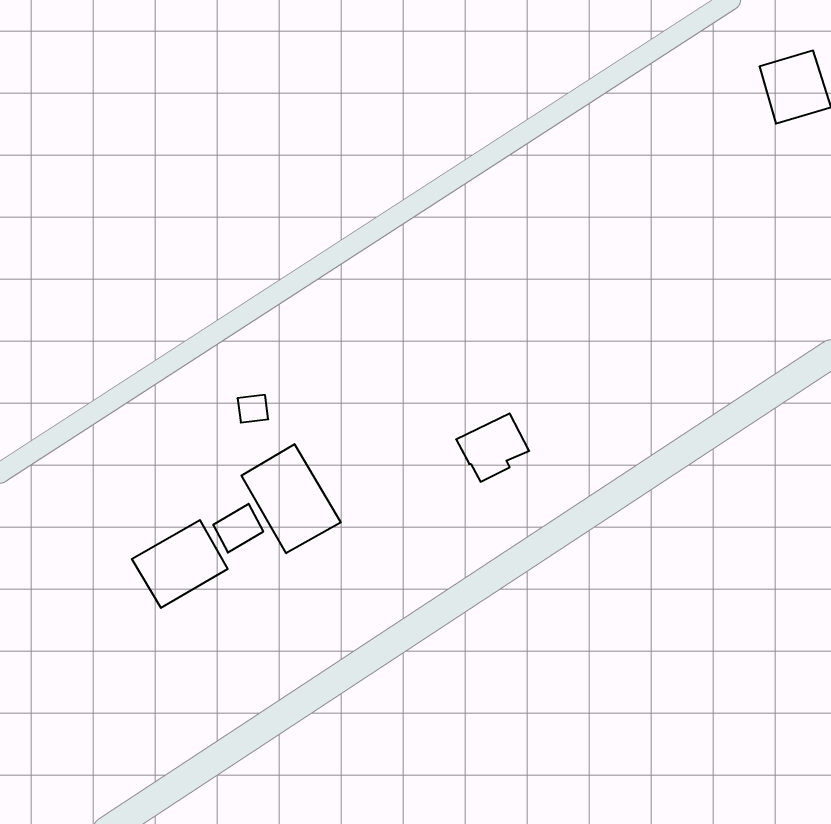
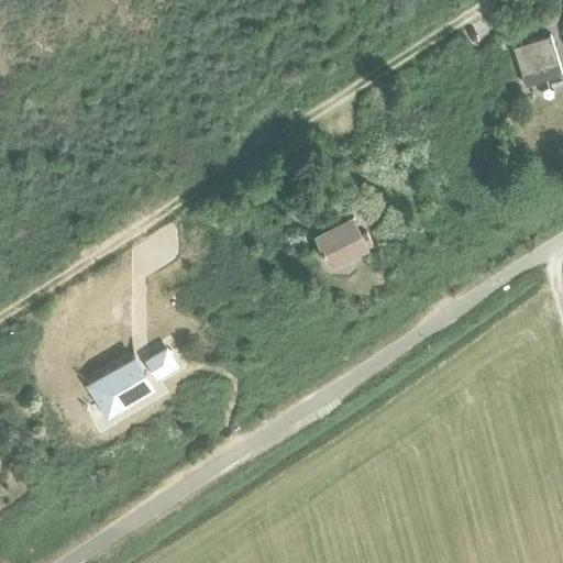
building: [456,413,529,482] -> [316,222,365,268]
building: [241,444,341,553] -> none

